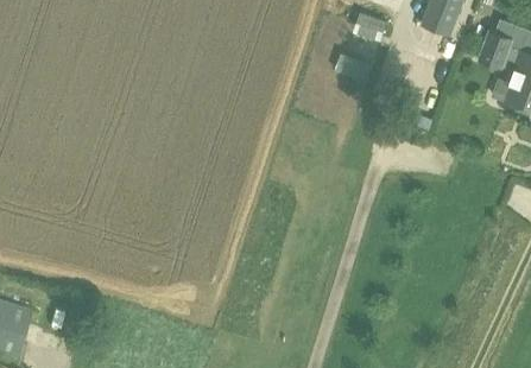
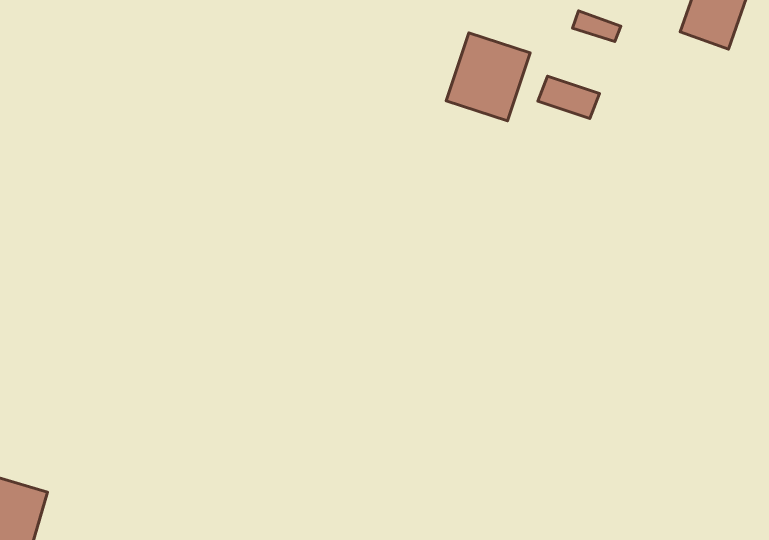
building: none -> [446,33,530,121]

